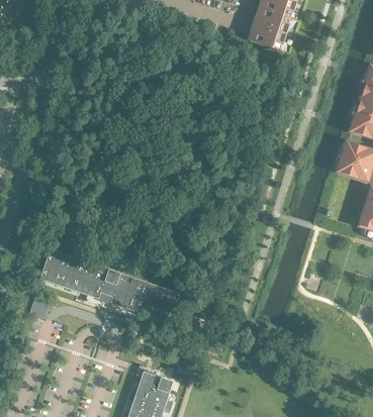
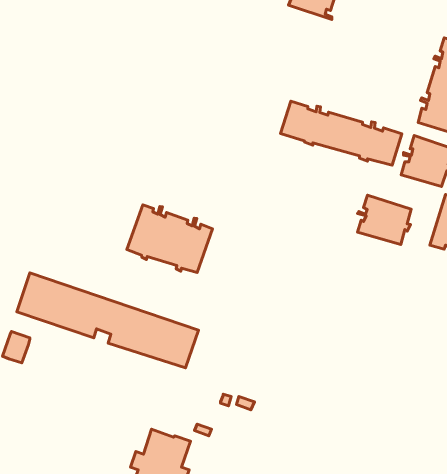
building: none -> [280,101,402,165]
building: none -> [357,195,411,244]
building: none -> [127,205,212,272]

